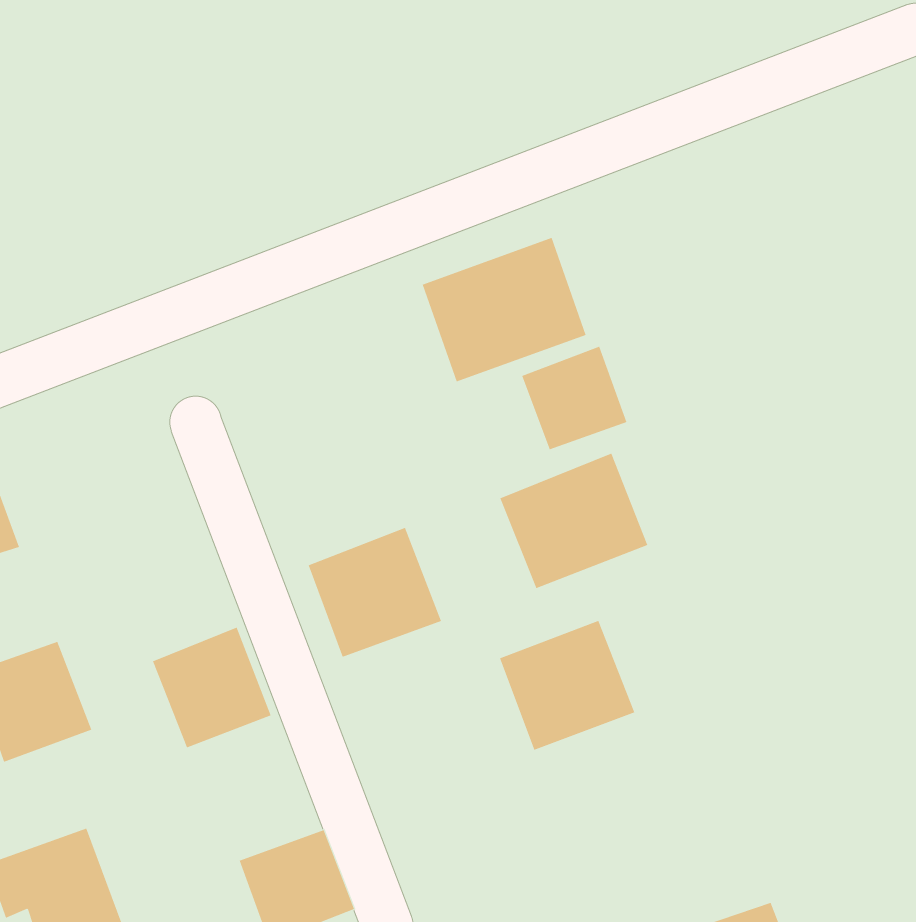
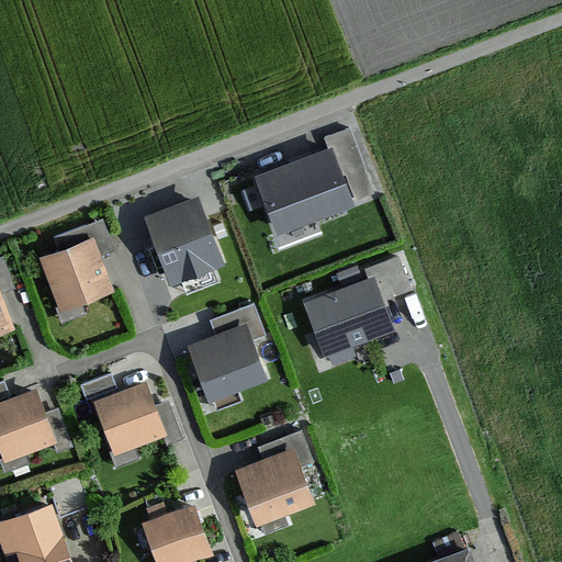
building: none -> [144,198,223,284]
building: [522,346,627,450] -> none
building: none -> [37,238,112,314]
building: [499,620,635,751] -> [235,448,317,527]

